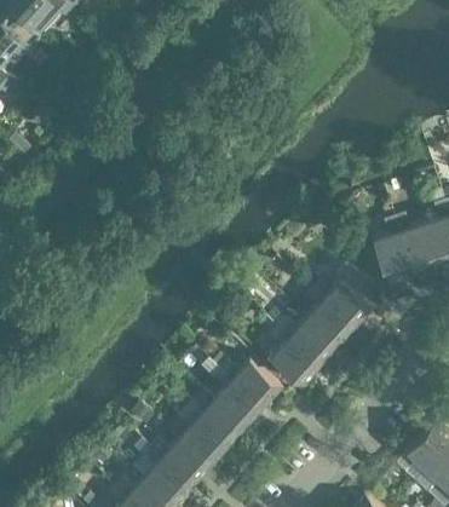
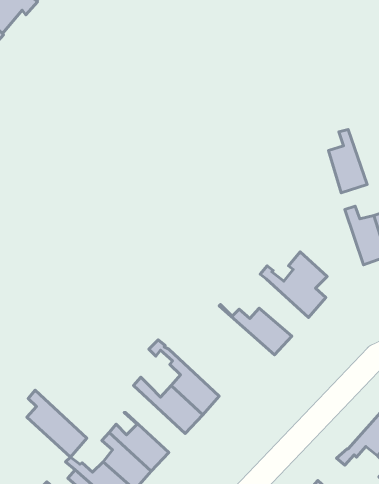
building: [372,218,411,283] -> [328,129,367,193]
building: [304,289,355,348] -> none
building: [257,317,320,388] -> none
building: [211,355,281,410] -> none
building: [166,399,228,468] -> [27,390,87,457]

